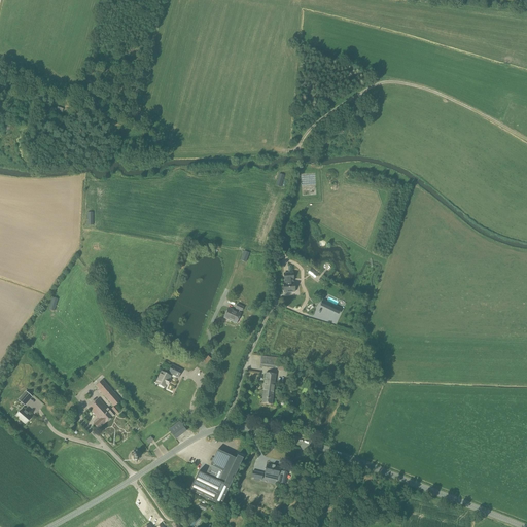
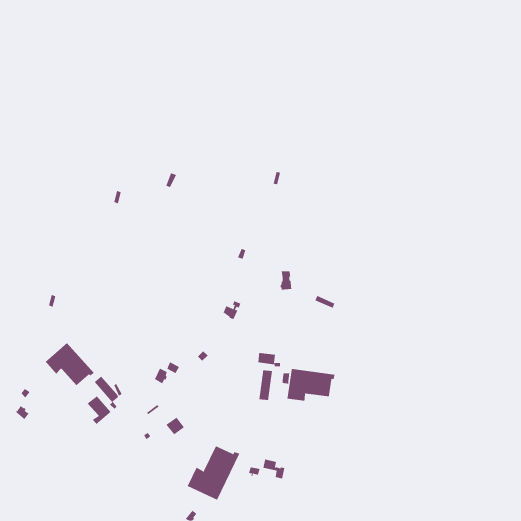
building: none -> [45,342,95,386]
building: none -> [287,368,335,402]

